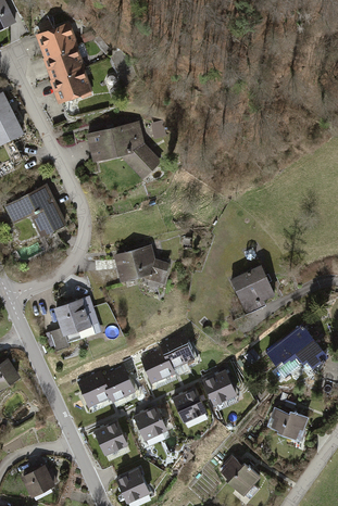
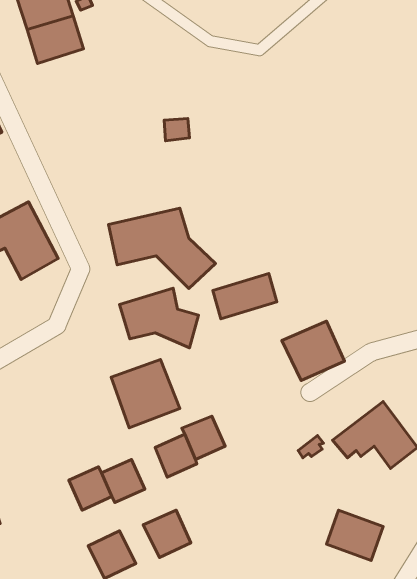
building: [53,69,95,104] -> none
building: [86,121,164,179] -> [108,208,216,289]
building: none -> [213,273,277,319]
building: [53,294,103,344] -> [111,359,180,428]
building: [200,370,234,405] -> none
building: [168,388,203,421] -> none

